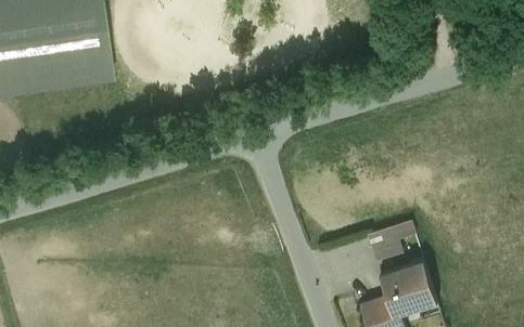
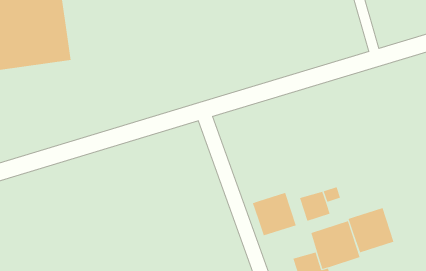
building: none -> [252,191,296,236]
building: none -> [348,206,394,253]

